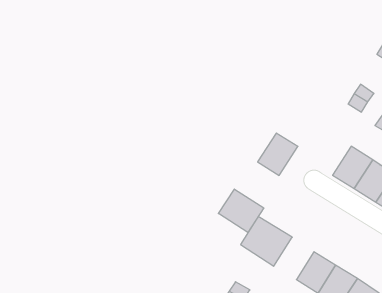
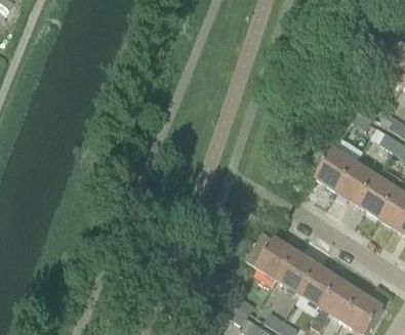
building: [258,133,298,175] -> [315,149,355,191]
building: [218,189,264,232] -> none
building: none -> [278,252,318,294]

